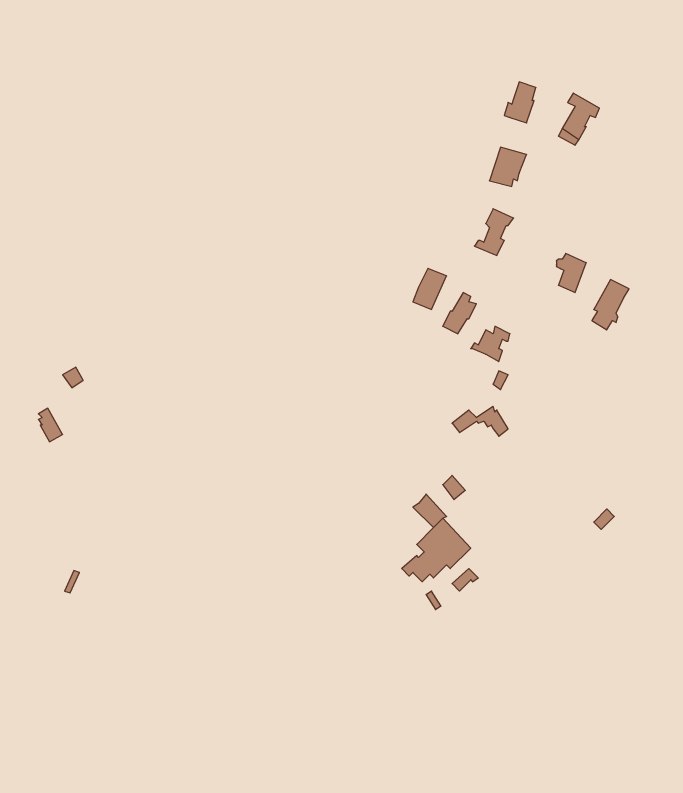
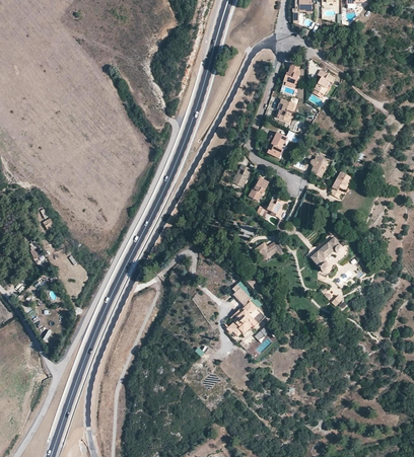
building: none -> [310,237,342,272]

